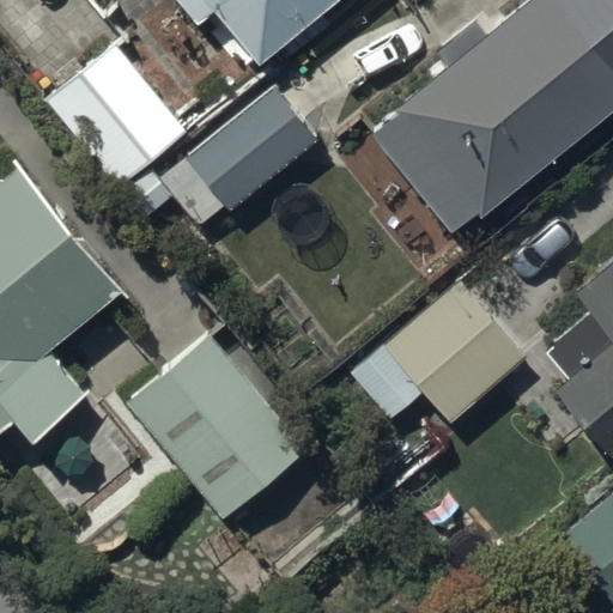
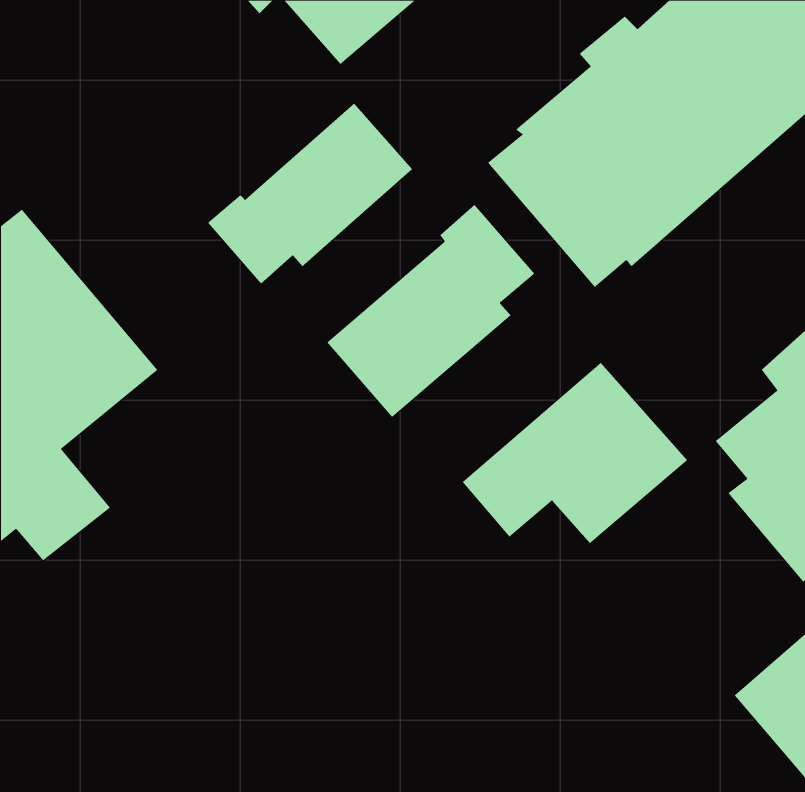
building: [44,45,187,223] -> none
building: none -> [327,204,535,418]
building: [129,329,315,518] -> none

